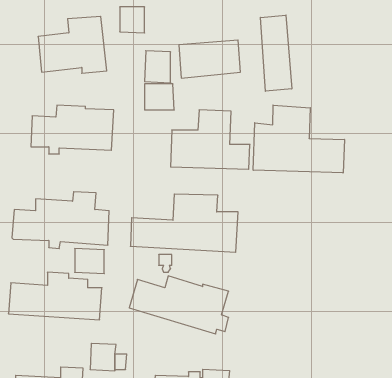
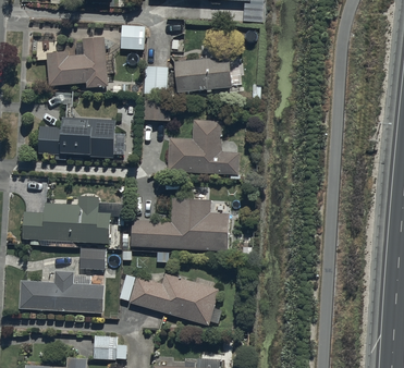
building: [260,15,292,91] -> none
building: [253,105,344,173] -> none

